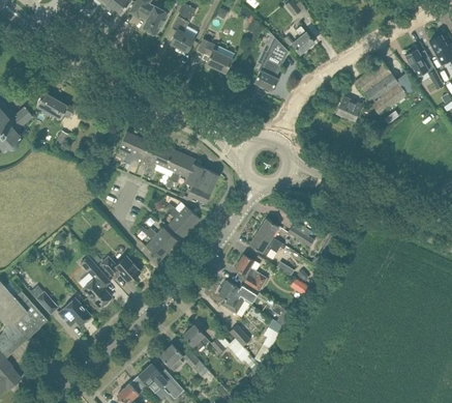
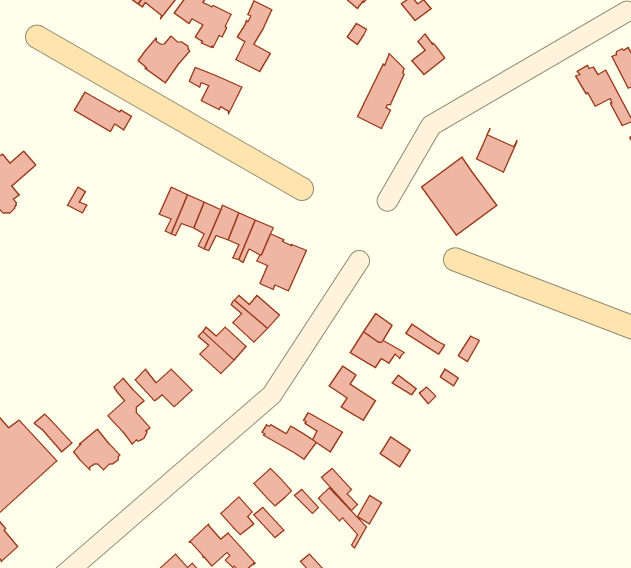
building: none -> [138,36,190,83]
building: [199,40,235,73] -> [189,68,242,114]
building: [355,61,406,115] -> [422,157,497,235]
building: [36,92,76,119] -> [74,92,131,131]
building: [221,281,259,305] -> [262,425,316,459]

